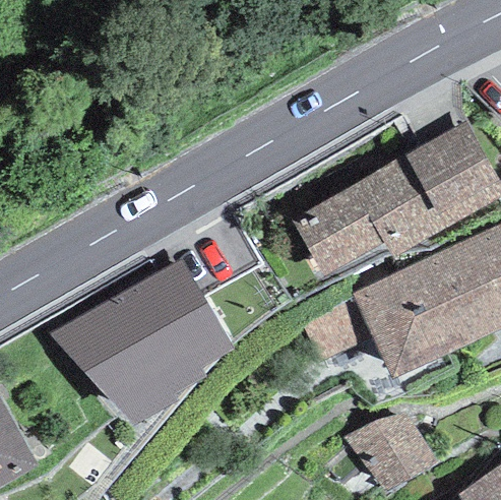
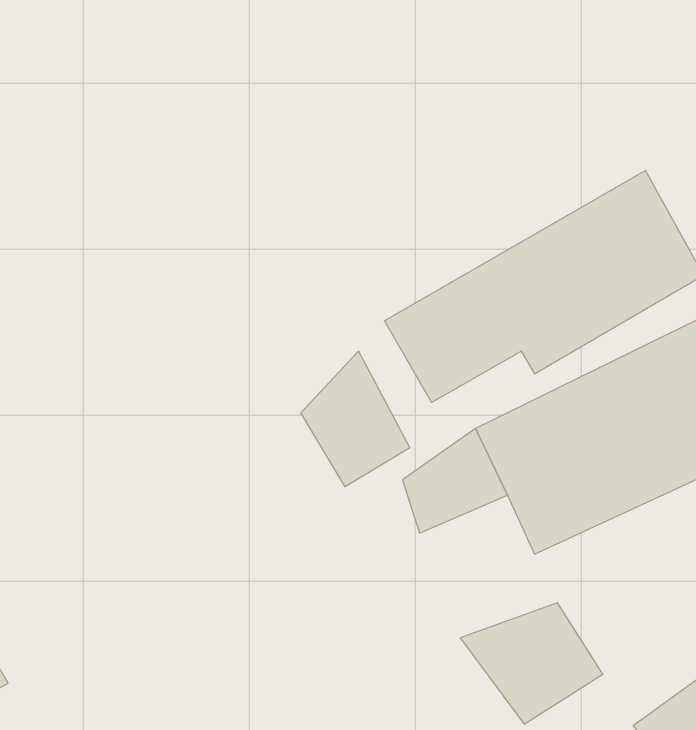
building: none -> [301,351,410,487]
building: [50,256,232,426] -> none

